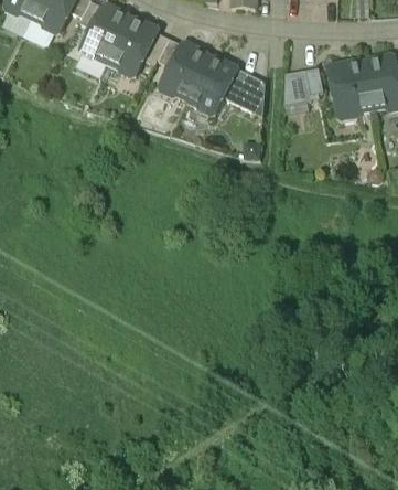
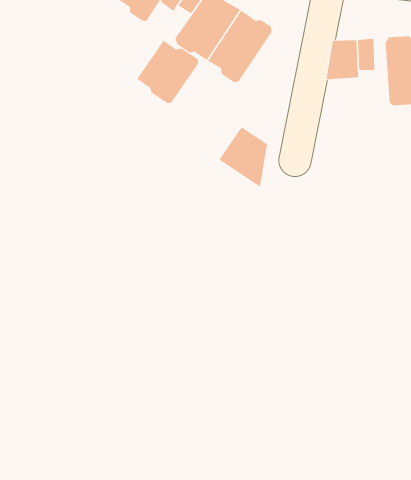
building: [225,72,262,118] -> [219,127,268,188]
building: none -> [137,40,198,104]

